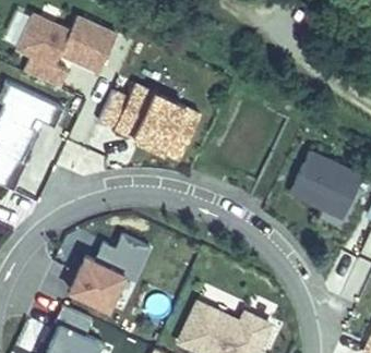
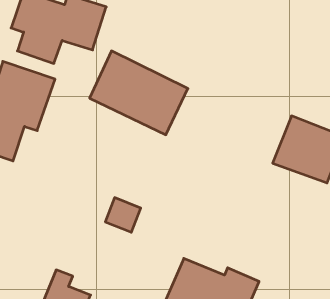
building: [69,245,132,307] -> none

